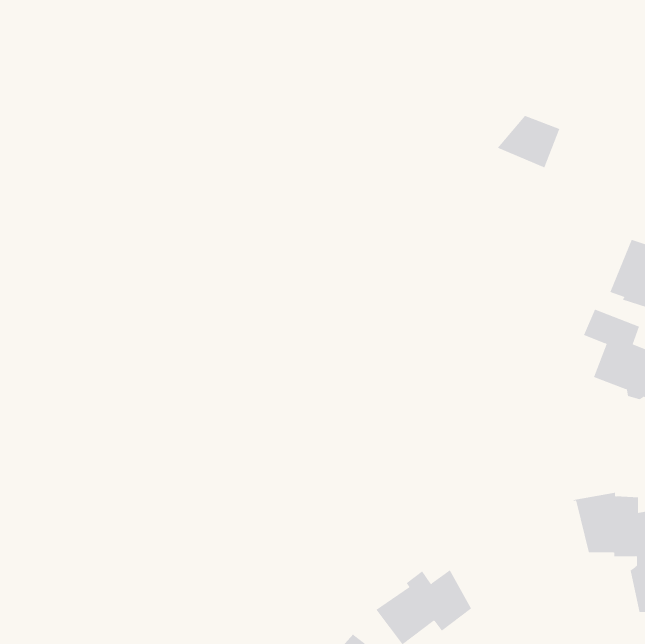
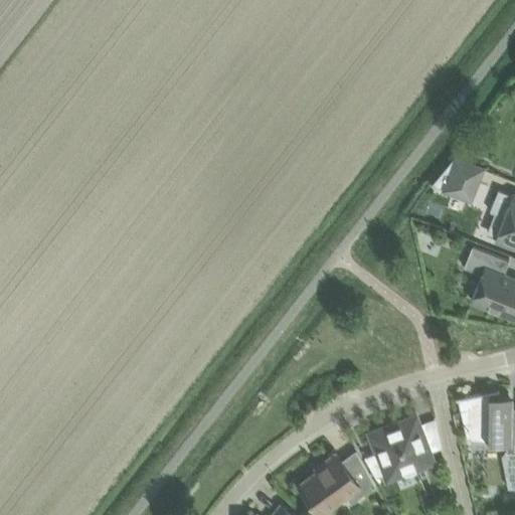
building: [497,115,560,168] -> [433,159,483,201]
building: none -> [365,419,435,479]

